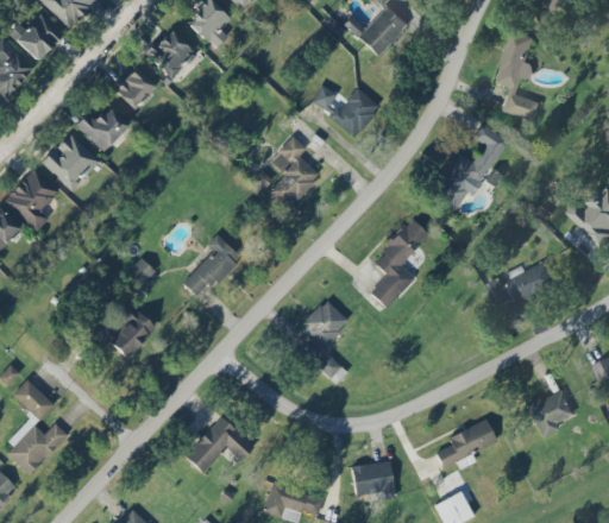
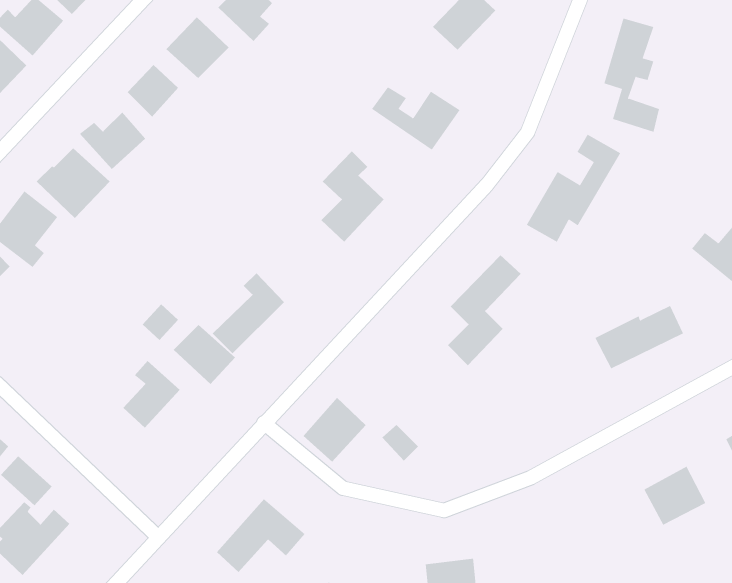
building: none -> [173,324,236,385]
building: [299,298,350,351] -> [302,397,366,462]
building: [437,420,497,467] -> none

